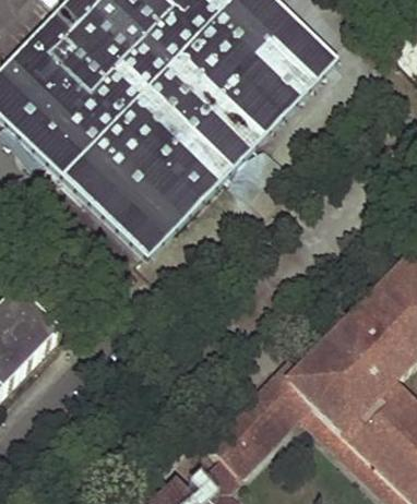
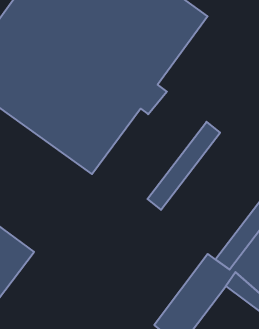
building: none -> [147,122,220,210]

